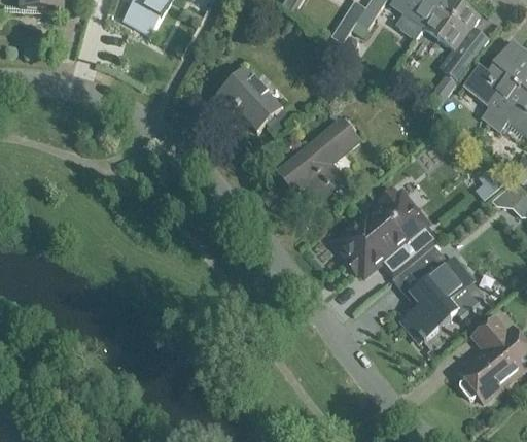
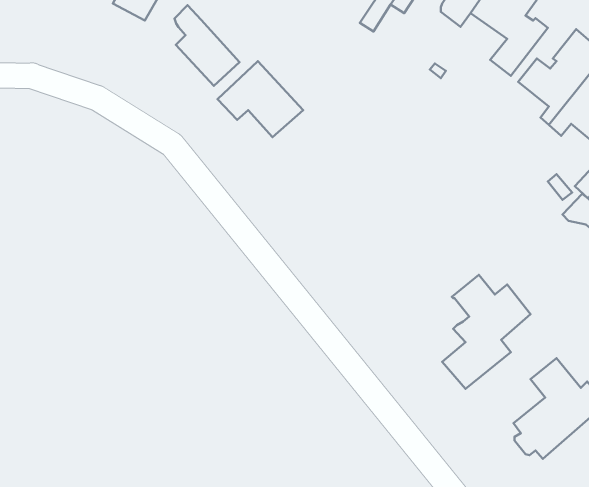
building: none -> [175,5,240,86]
building: [278,118,359,203] -> none
building: [335,190,441,275] -> none

